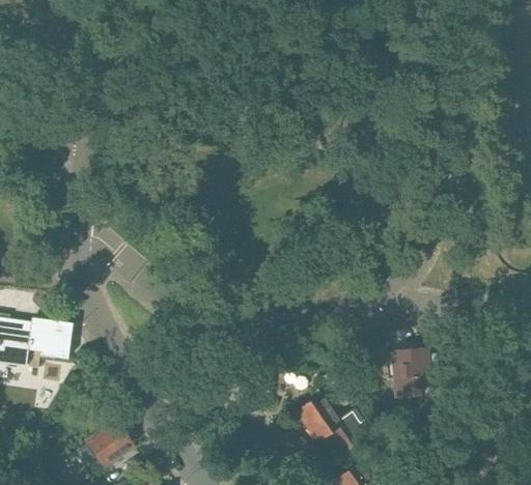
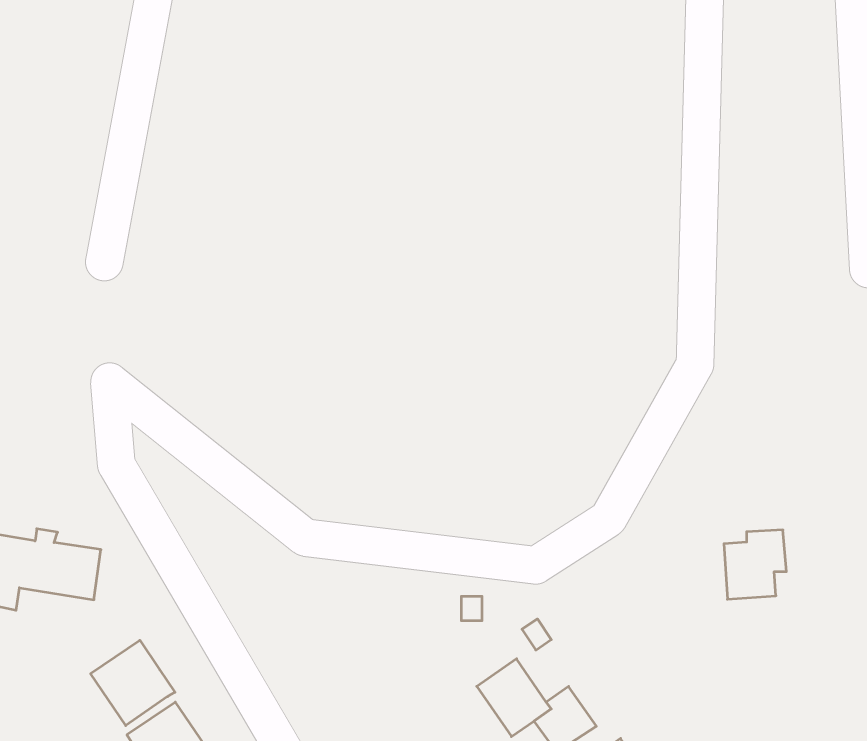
building: [391,349,428,391] -> [724,530,786,599]
building: none -> [91,640,175,726]

